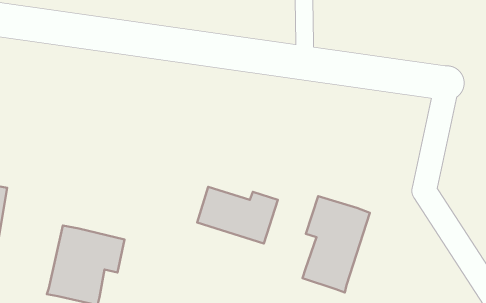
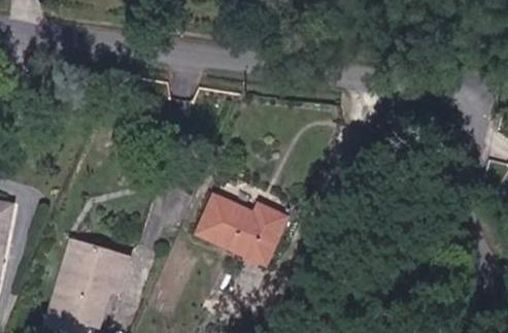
building: [303,196,370,292] -> none

